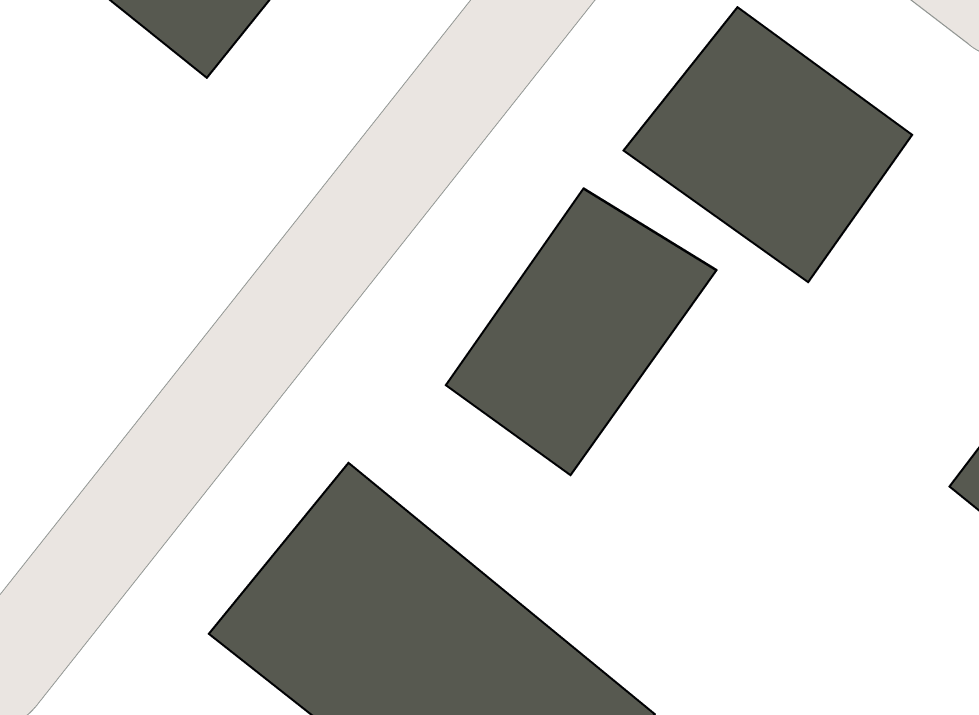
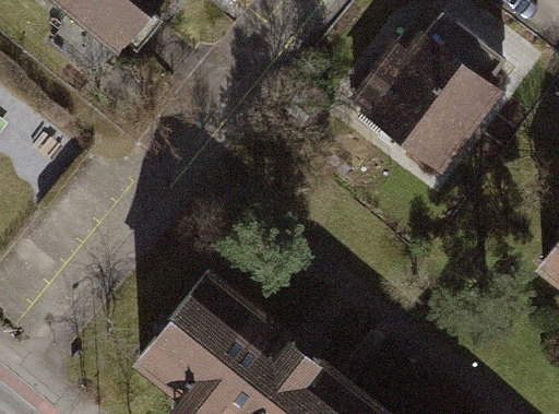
building: [446,189,716,475] -> none

